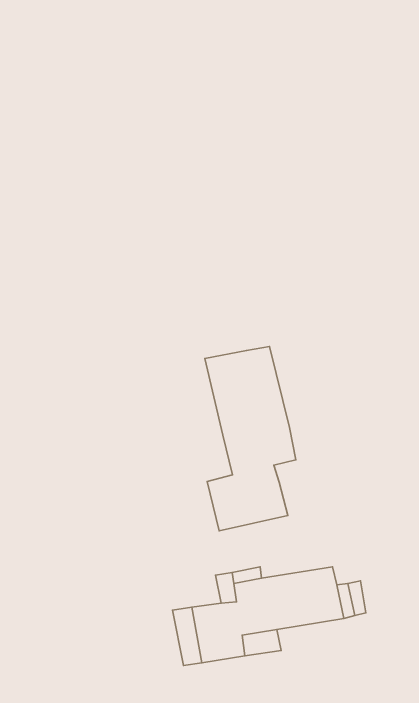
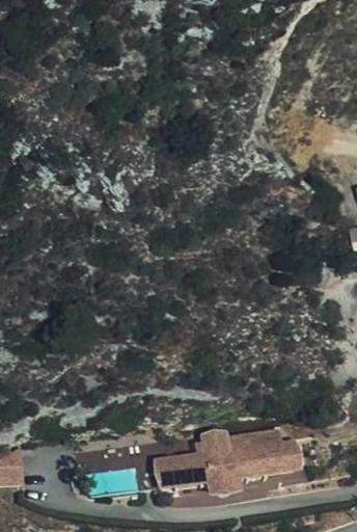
building: [205,347,296,531] -> none

